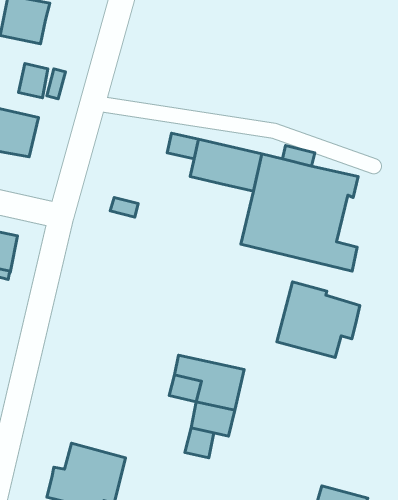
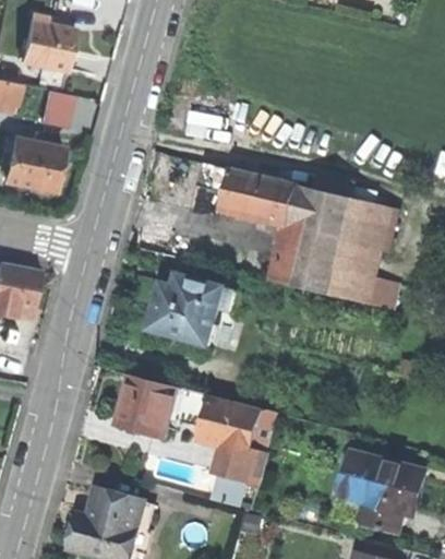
building: none -> [149,275,237,346]
building: [277,282,360,358] -> [337,450,424,530]
building: none -> [116,376,178,438]

